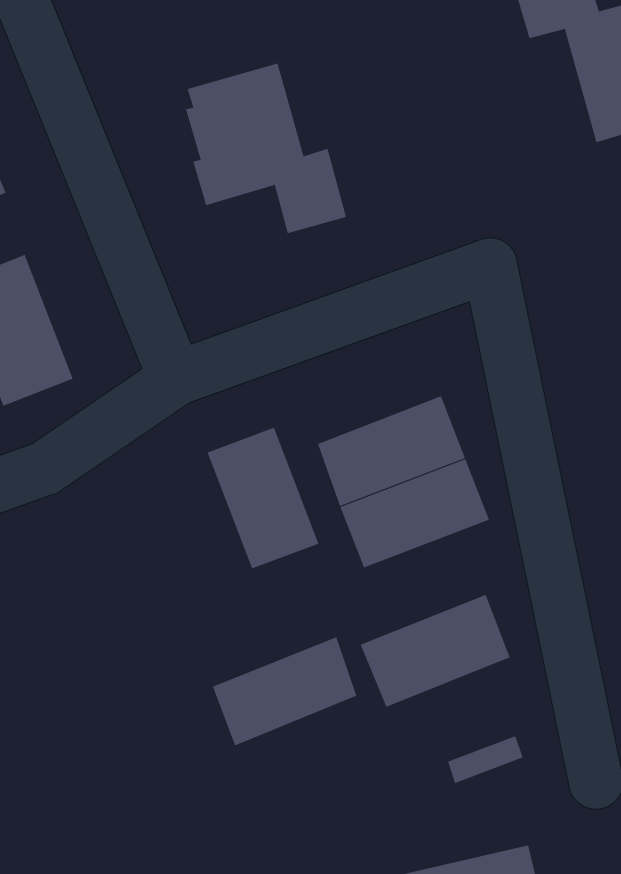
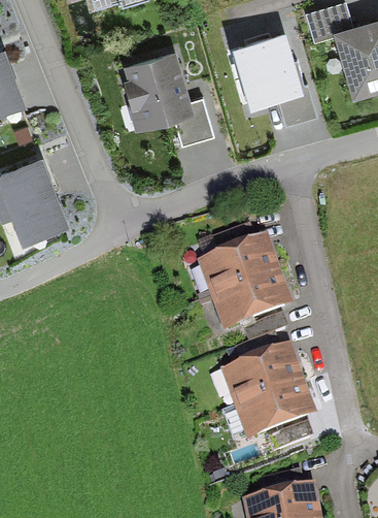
building: none -> [231,27,317,124]
building: [207,427,319,569] -> none
building: [212,636,357,746] -> [234,380,314,441]

